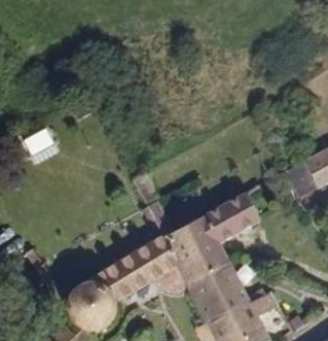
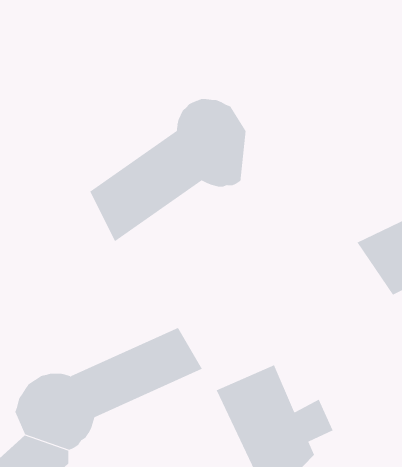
building: none -> [89,98,246,242]
building: [159,197,259,283] -> none

